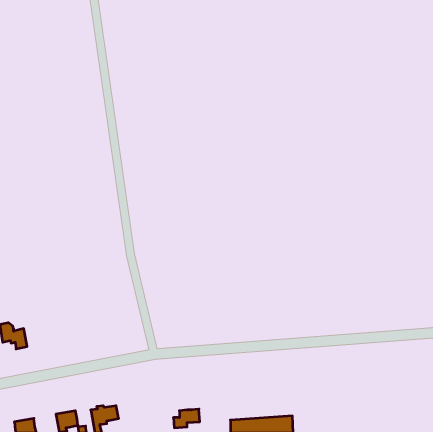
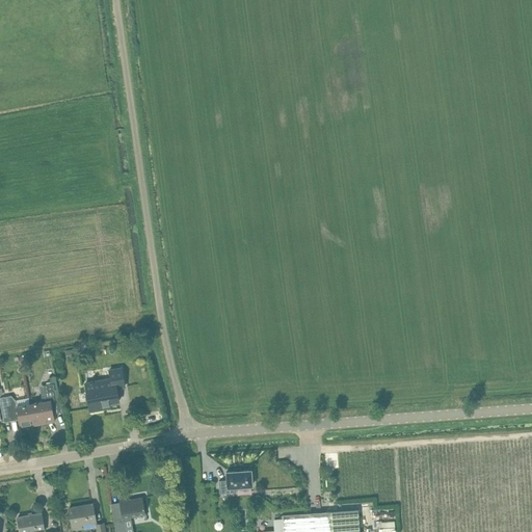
building: none -> [85,369,125,411]
building: none -> [29,377,57,426]
building: [173,409,200,428] -> [219,472,251,495]

